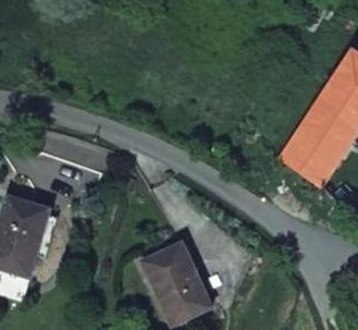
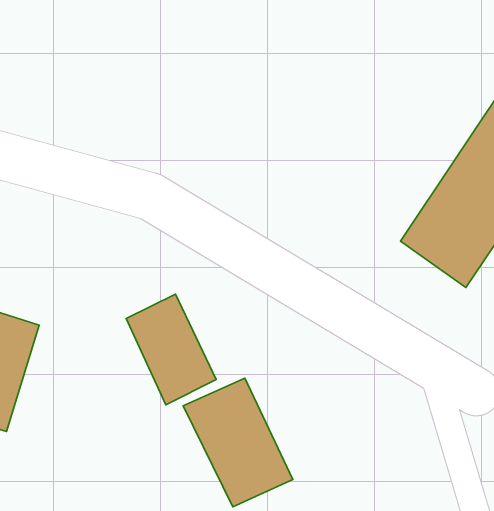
building: none -> [126,294,216,405]

